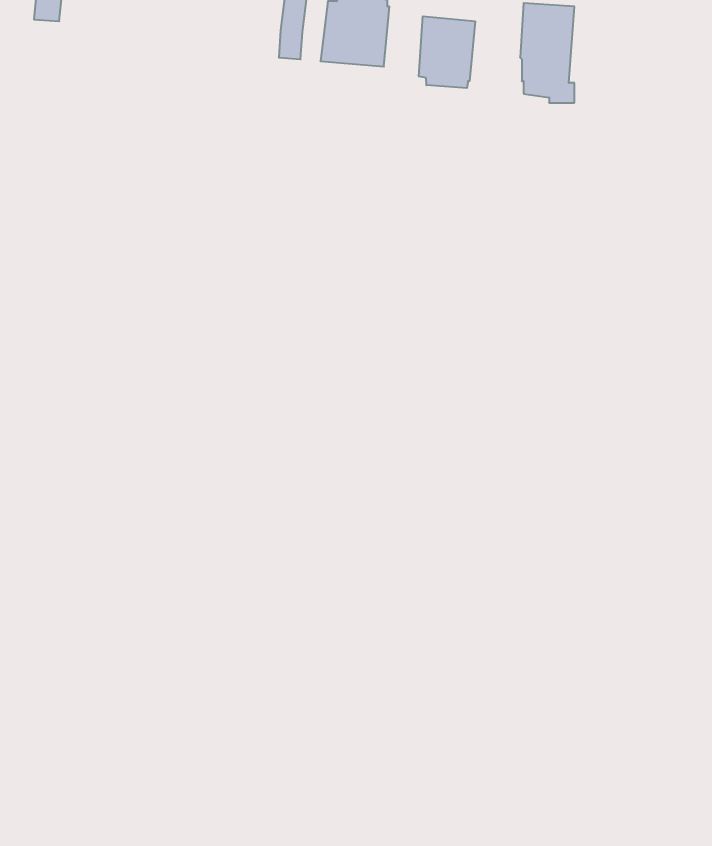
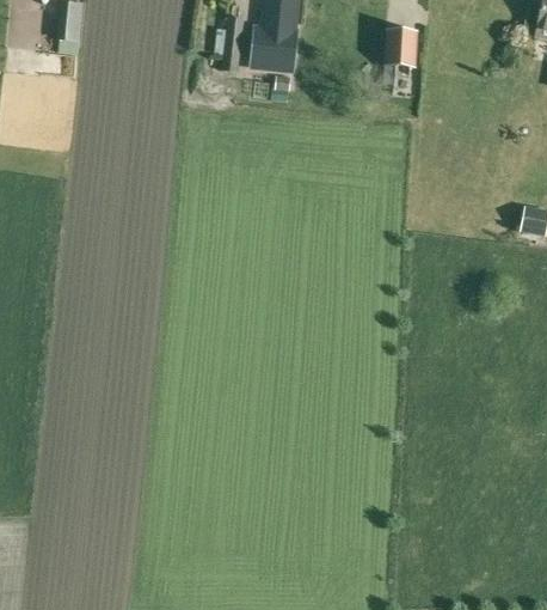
building: [419,16,475,88] -> none

